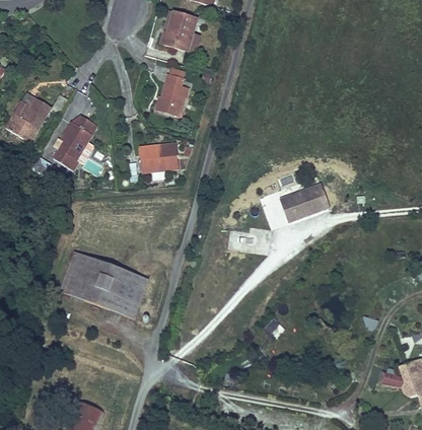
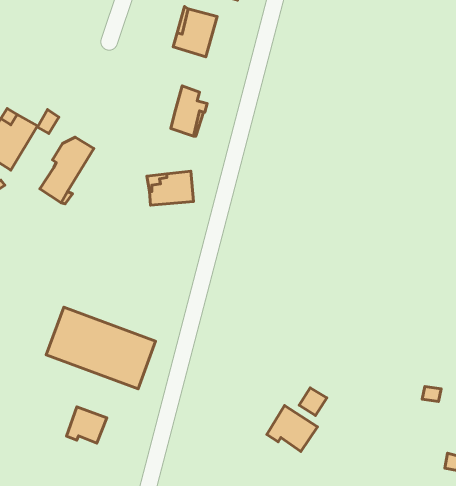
building: [280,183,331,222] -> none
building: none -> [267,406,317,451]
building: none -> [67,407,107,443]

